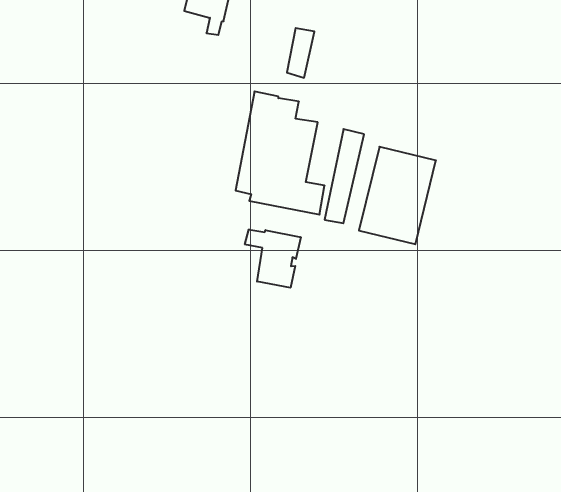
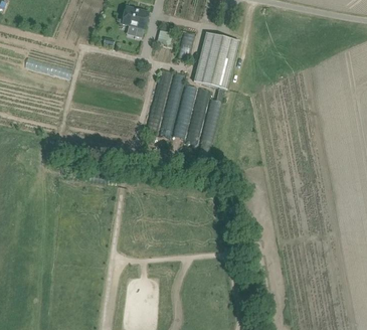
building: [359,147,436,244] -> [192,31,237,89]
building: [245,229,301,288] -> none

